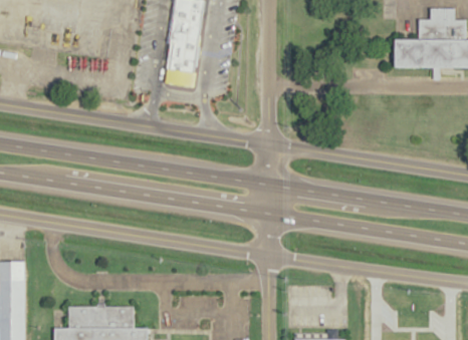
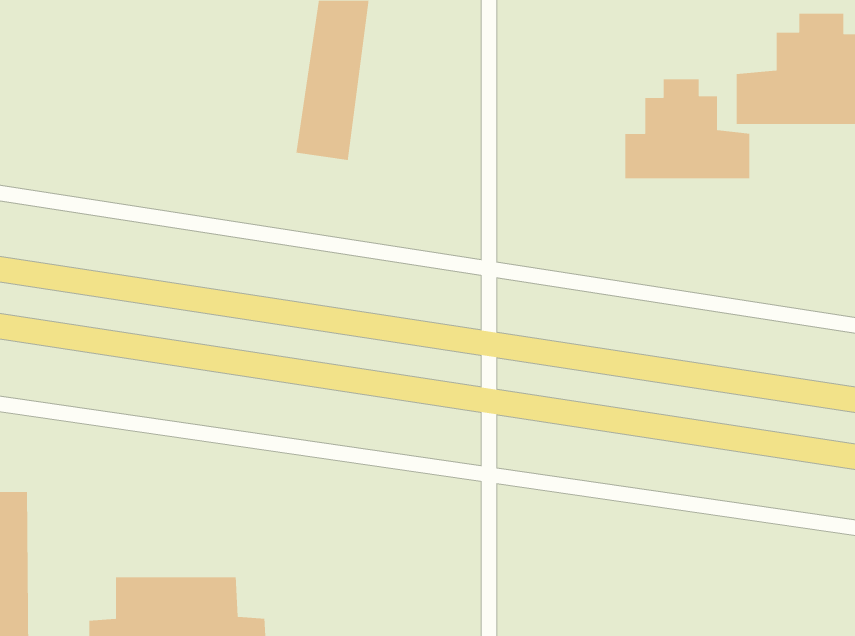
building: none -> [624,78,750,179]

